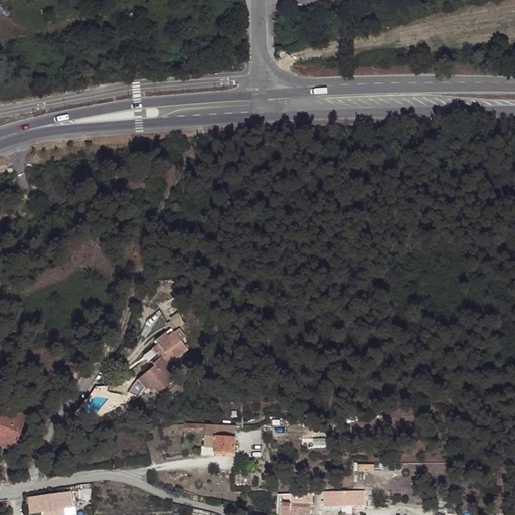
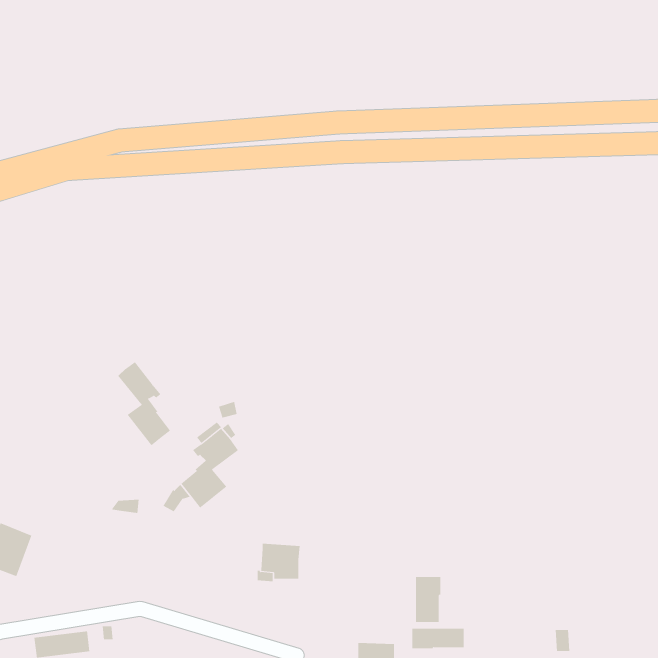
building: none -> [118,361,171,446]
building: none -> [415,576,441,623]

